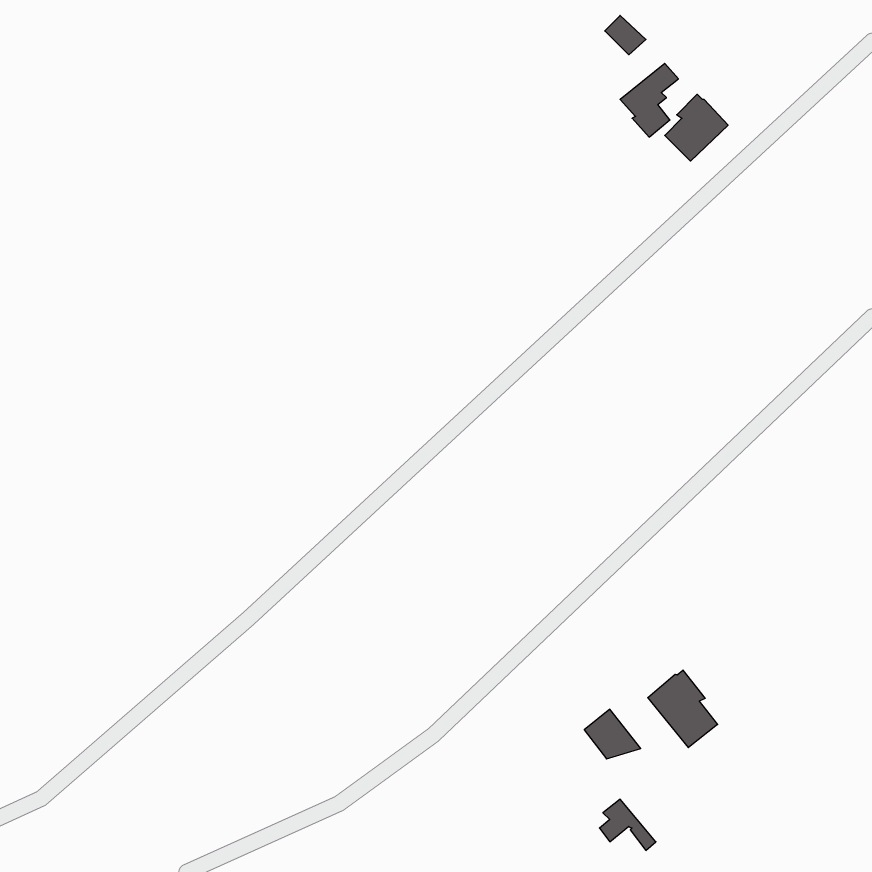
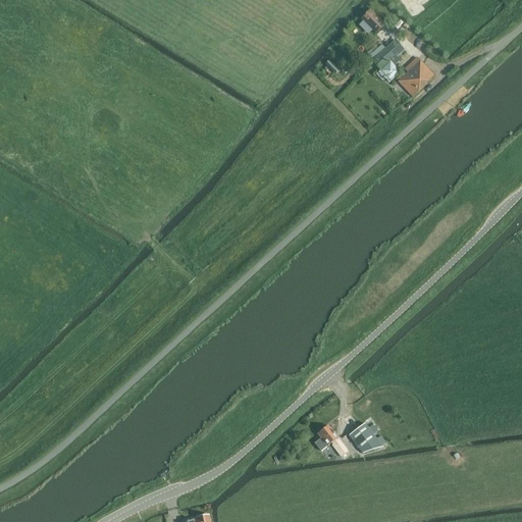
building: [648,670,718,748] -> none
building: [599,799,656,850] -> [314,425,348,456]

